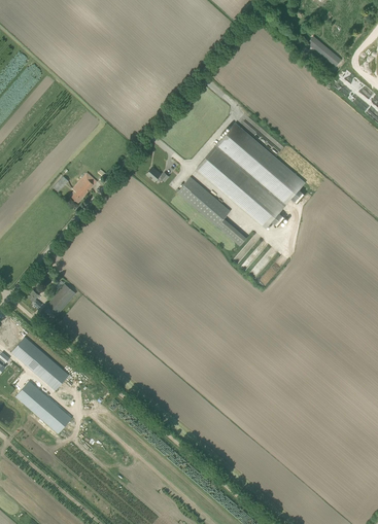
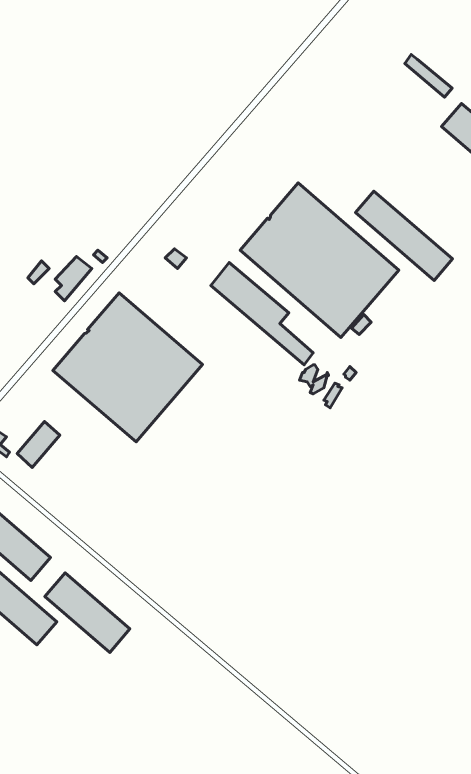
building: none -> [356,191,452,280]
building: none -> [53,293,203,442]
building: none -> [45,573,130,652]

